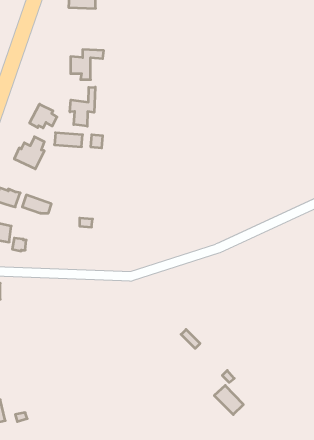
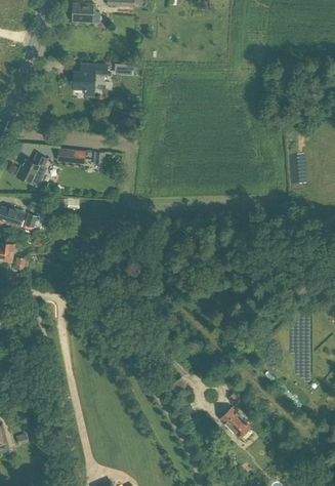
building: [70,87,95,126] -> none
building: [30,104,57,128] -> none

